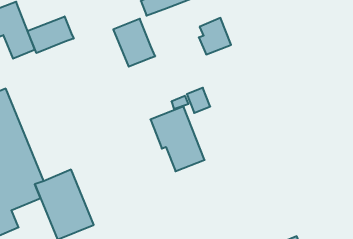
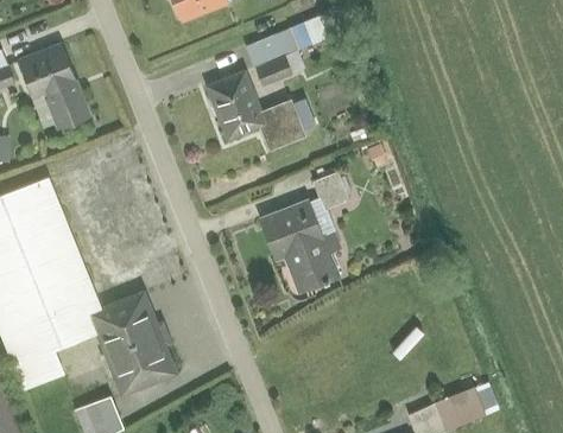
building: none -> [253,55,291,85]
building: [28,16,74,53] -> none
building: [199,18,231,54] -> [259,98,306,152]

